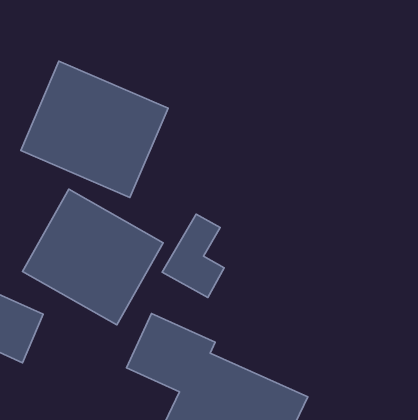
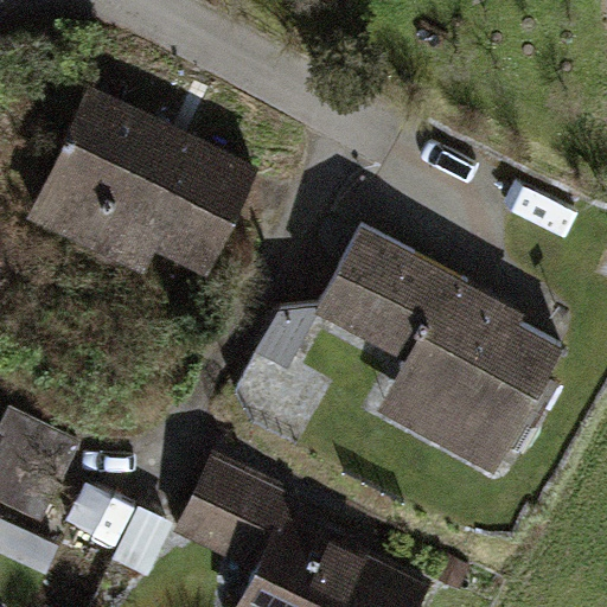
building: none -> [319,237,561,473]
building: [22,189,163,325] -> none

